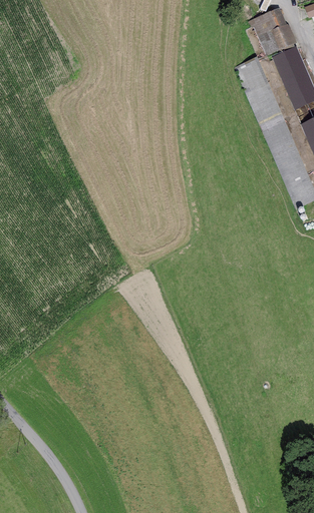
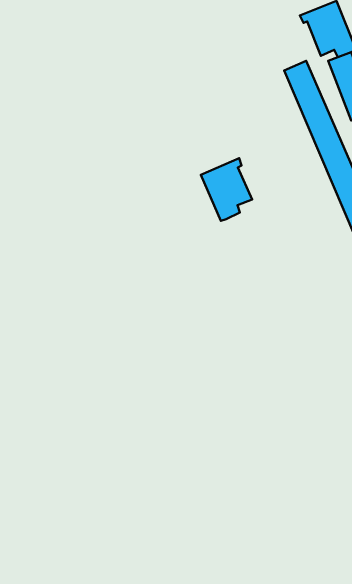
building: none -> [201,158,252,221]

